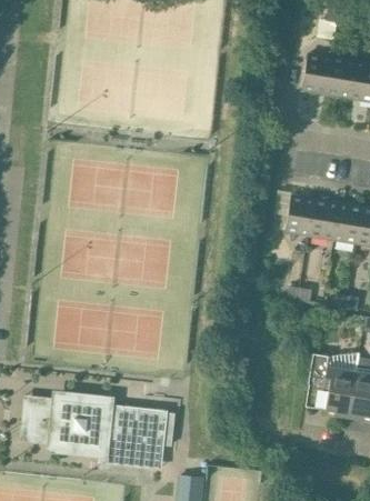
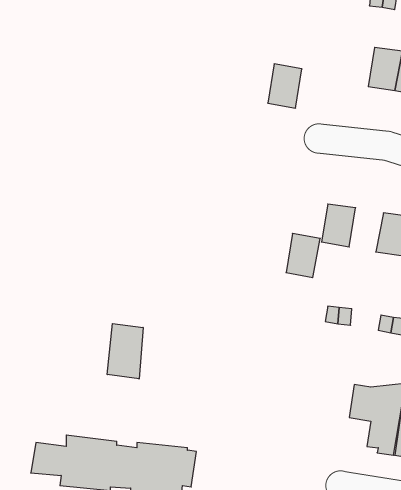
building: [301,56,331,94] -> [268,64,302,108]
building: [309,201,339,240] -> [286,233,320,278]
building: none -> [107,324,143,379]

